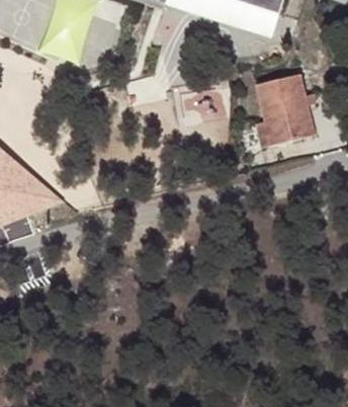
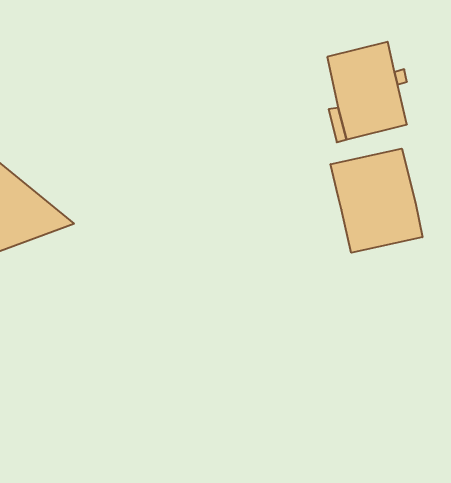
building: none -> [331,149,422,253]

